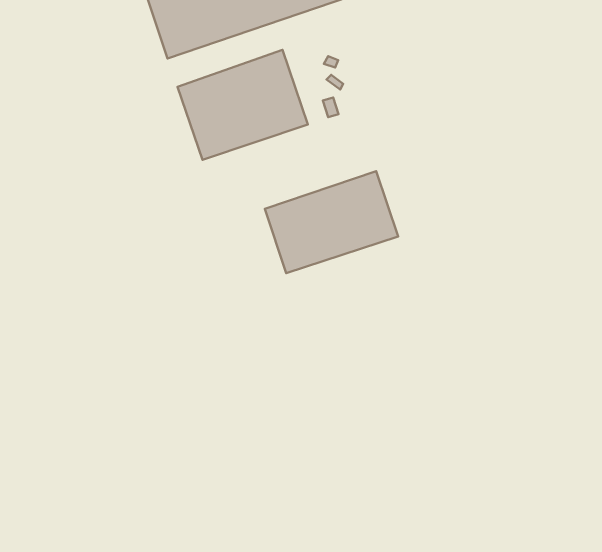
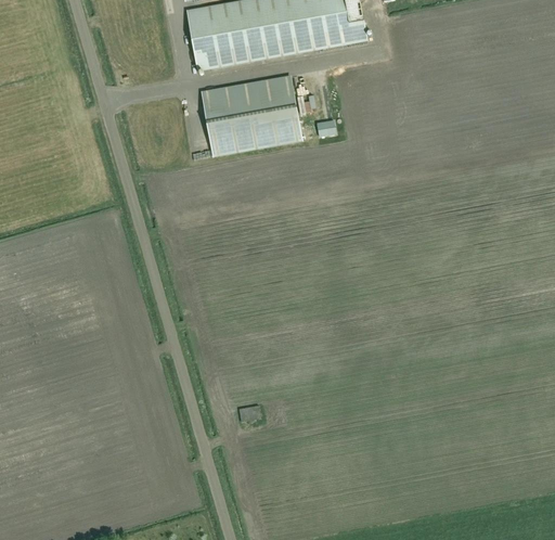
building: [265,171,398,273] -> none

